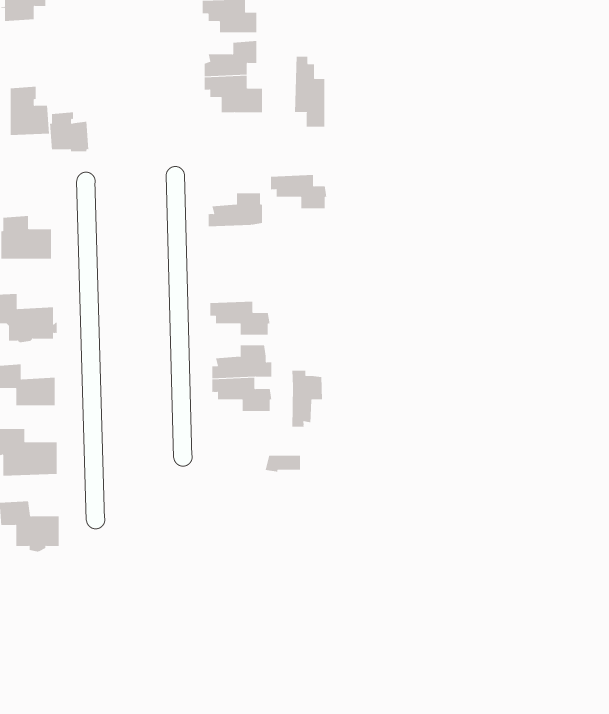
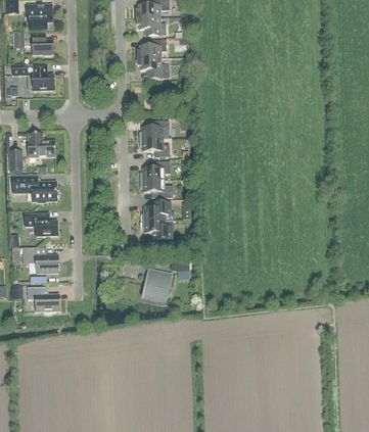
building: [295,56,325,128] -> none
building: [49,112,89,152] -> [31,34,52,55]
building: [270,174,327,209] -> [138,138,169,156]
building: none -> [139,161,169,180]
building: [292,370,322,428] -> none
building: none -> [142,272,169,299]

